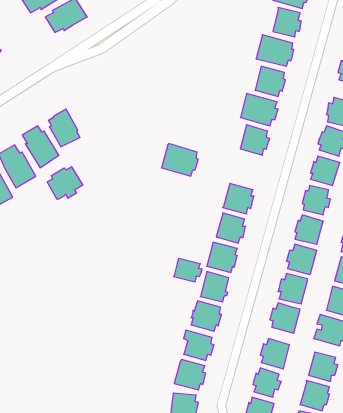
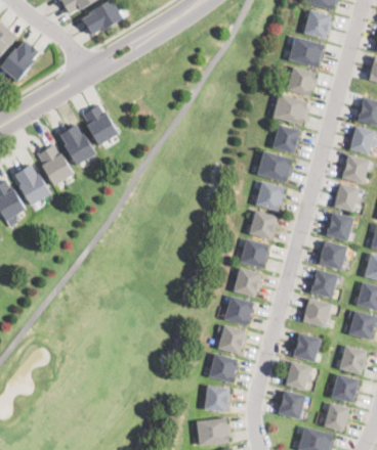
building: [161,144,198,176] -> [257,150,293,182]
building: [47,167,83,199] -> none
building: [174,258,202,282] -> none

